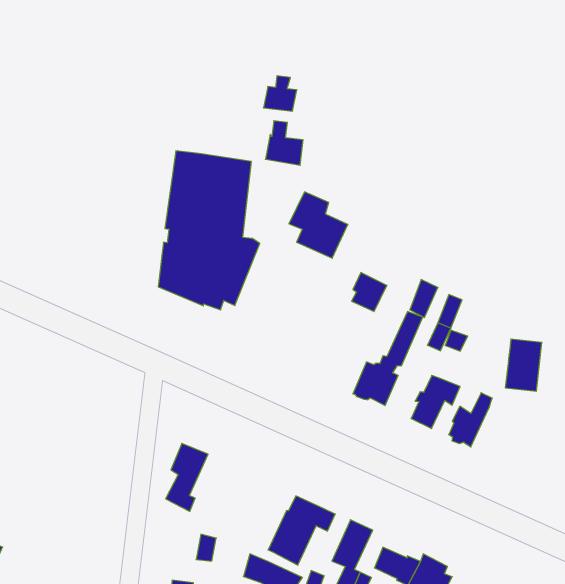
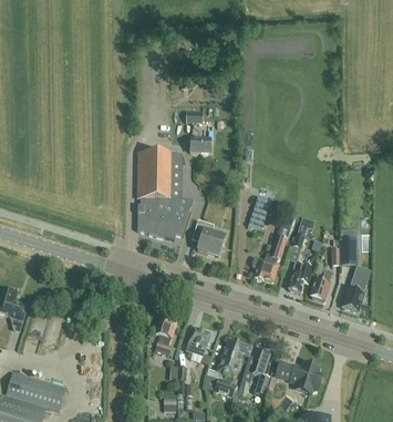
building: [289,192,348,258] -> [192,220,225,256]
building: none -> [342,270,369,311]
building: none -> [185,327,210,356]

